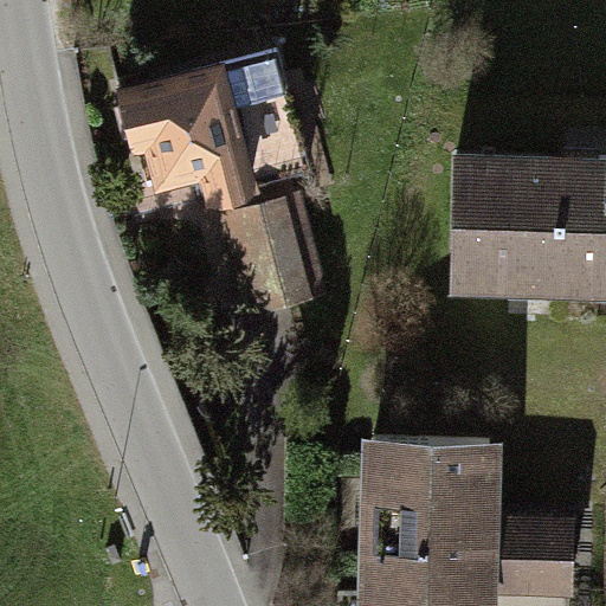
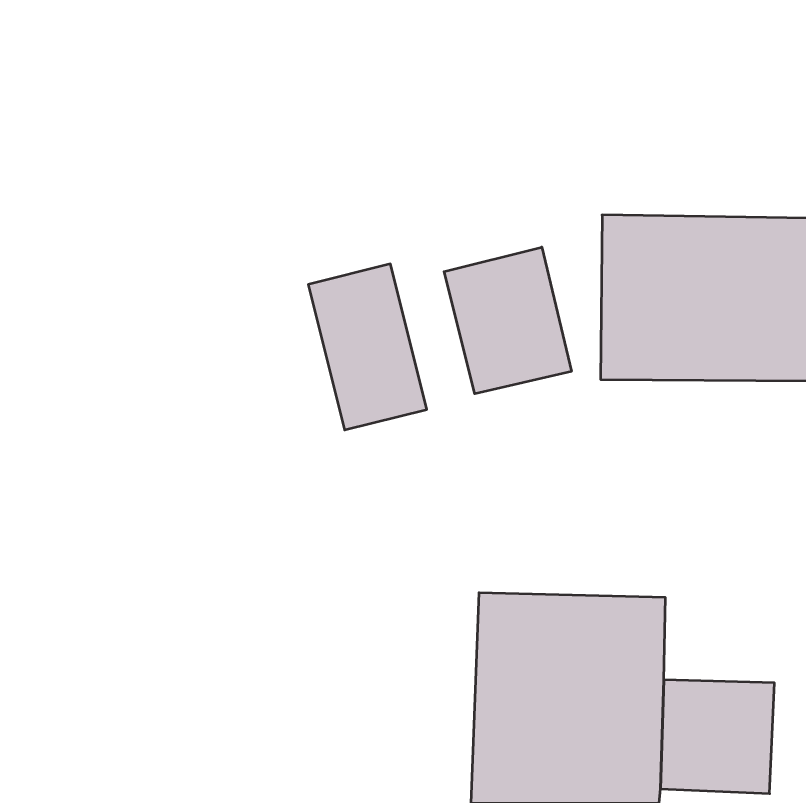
building: [116,53,312,213] -> none
building: none -> [444,247,571,394]

